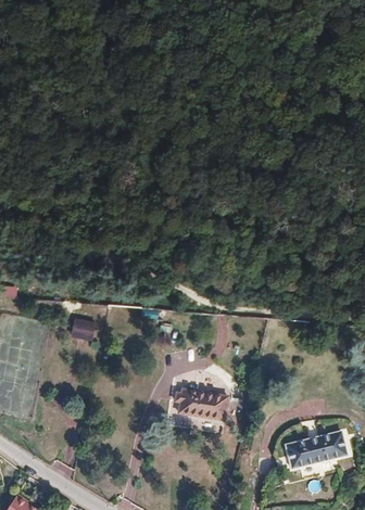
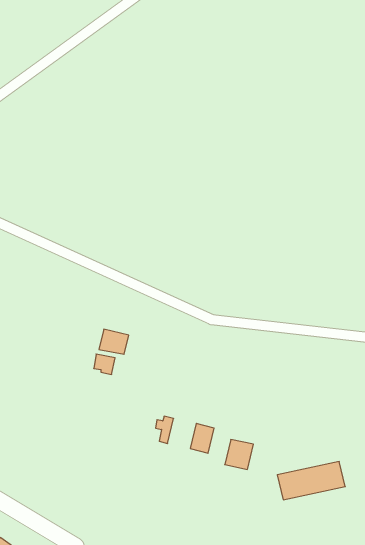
building: [71,315,98,337] -> [99,329,129,354]
building: [184,394,210,421] -> [225,440,253,469]

